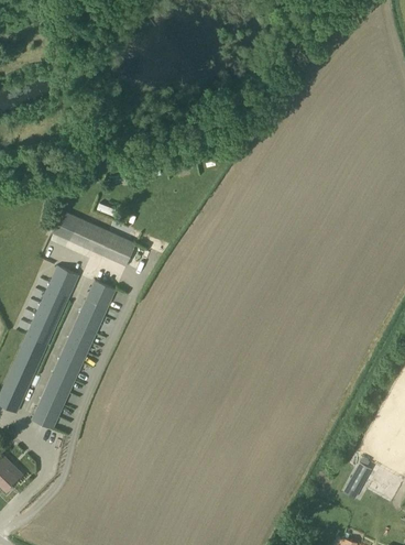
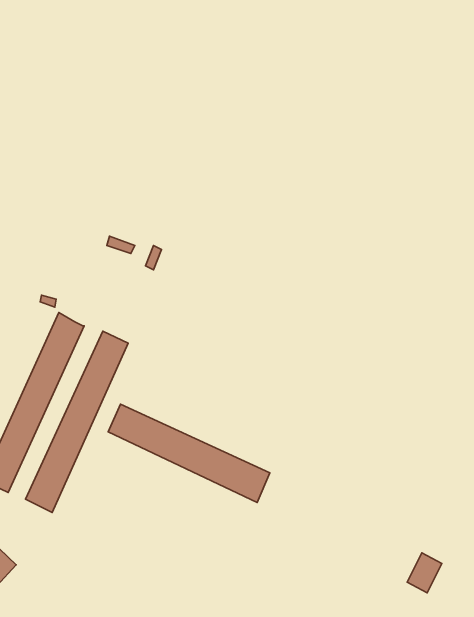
building: [67,218,135,266] -> none
building: none -> [108,404,270,503]

